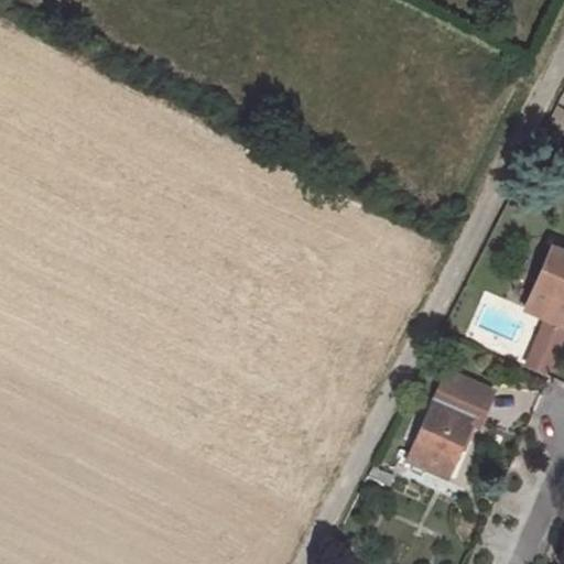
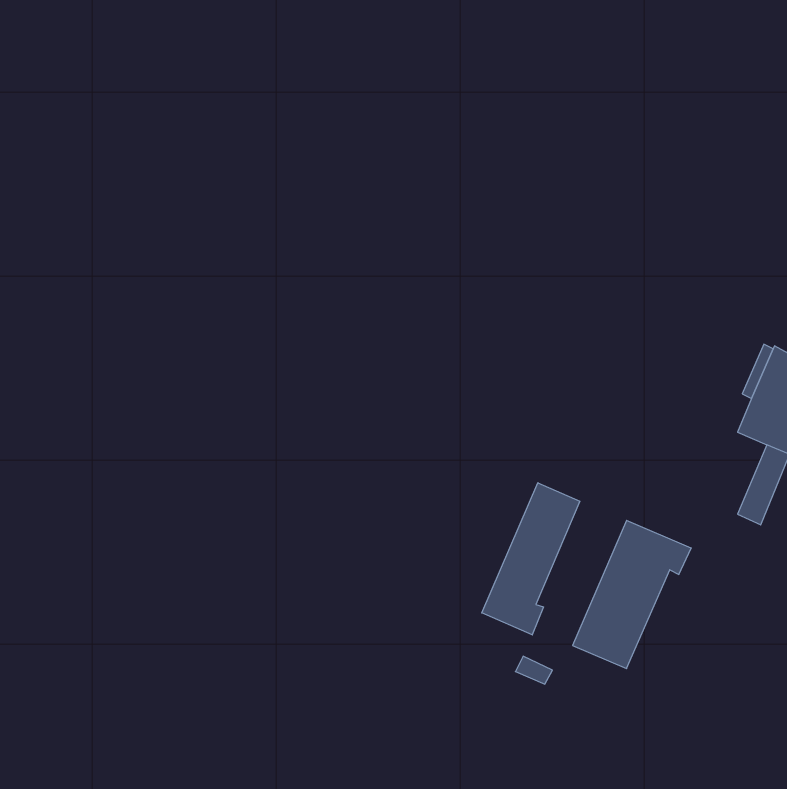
building: none -> [482,483,580,635]

